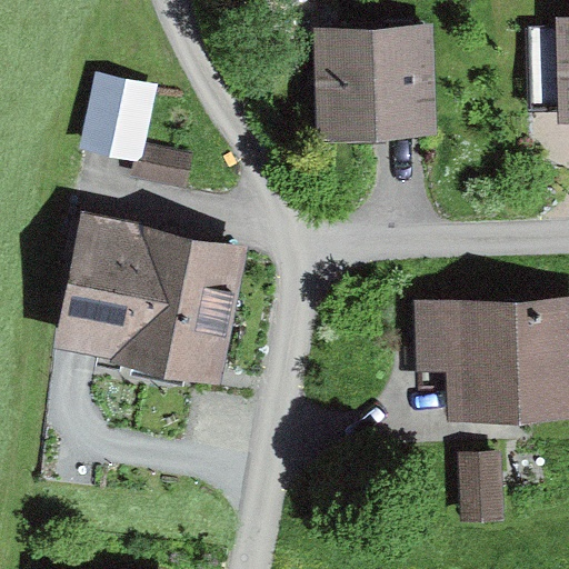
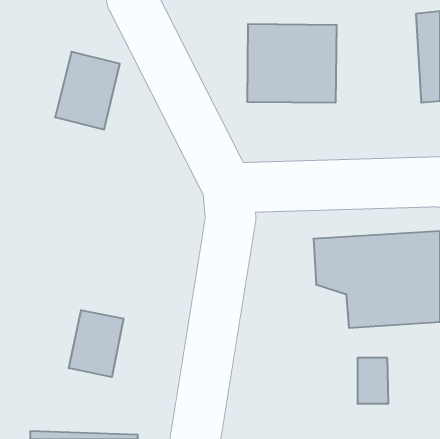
building: [64,218,247,380] -> none
building: none -> [69,310,124,377]

